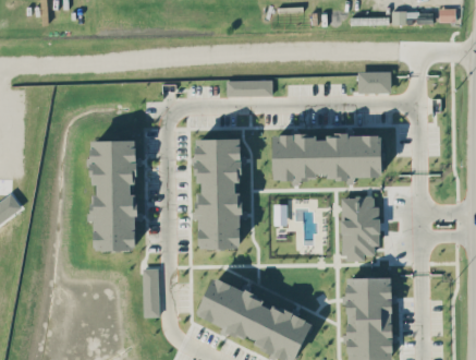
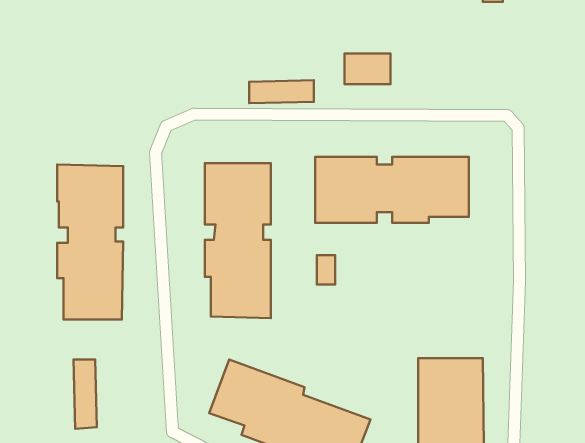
building: [357,71,390,93] -> [344,53,390,84]
building: [341,196,379,261] -> none
building: [142,268,158,317] -> [74,360,97,429]

